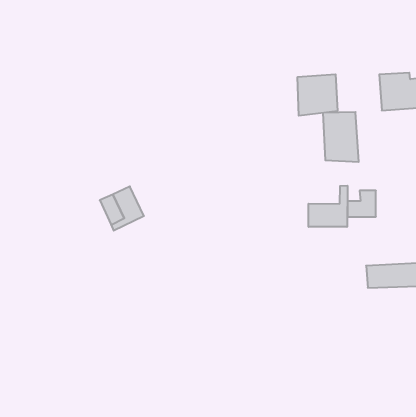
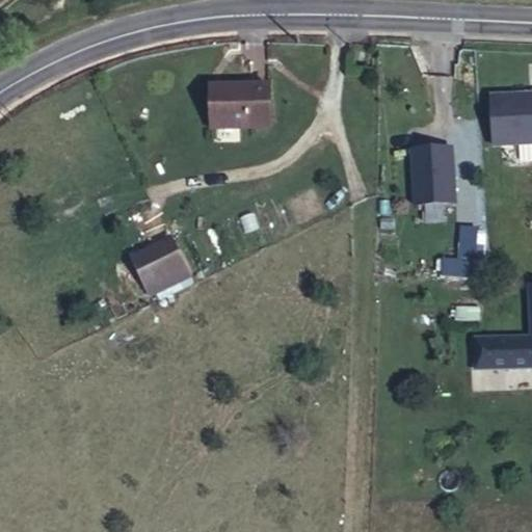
building: none -> [212,81,269,124]
building: [298,74,338,116] -> none
building: [309,186,347,227] -> none

